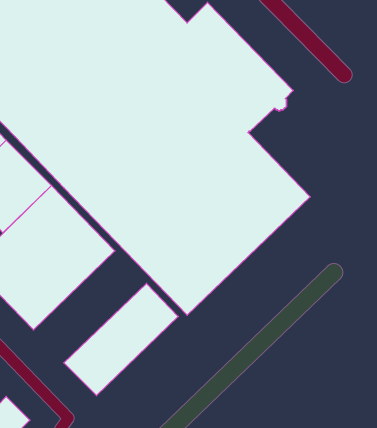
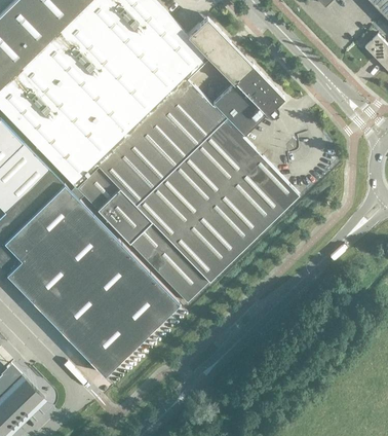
building: none -> [47,245,150,347]

